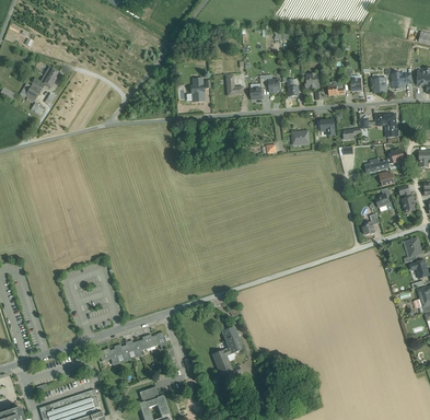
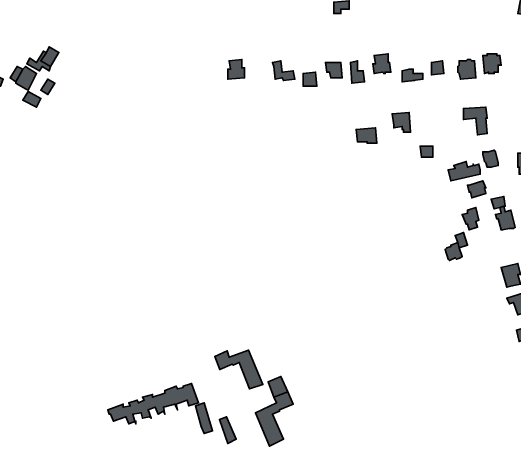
building: none -> [215,350,263,389]

